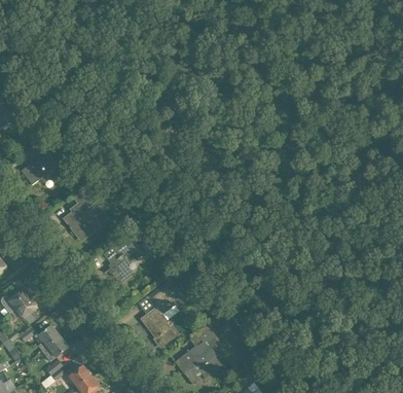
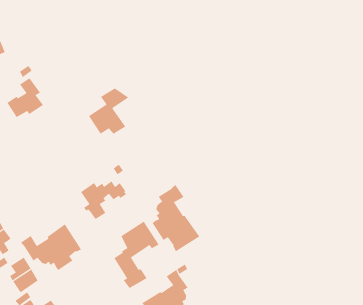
building: [63,187,103,236] -> [88,88,129,135]
building: none -> [152,184,200,252]
building: none -> [20,223,82,271]

